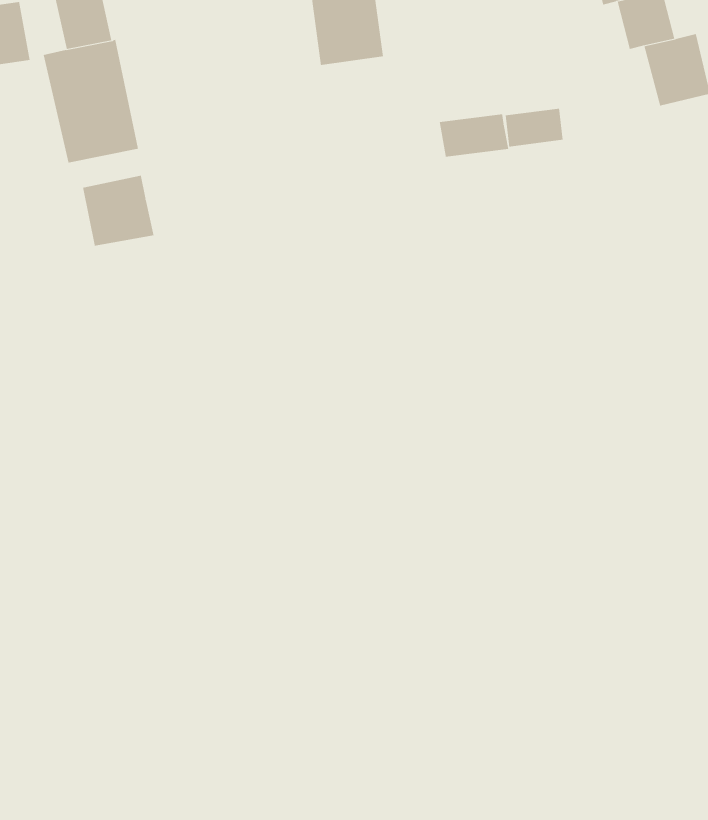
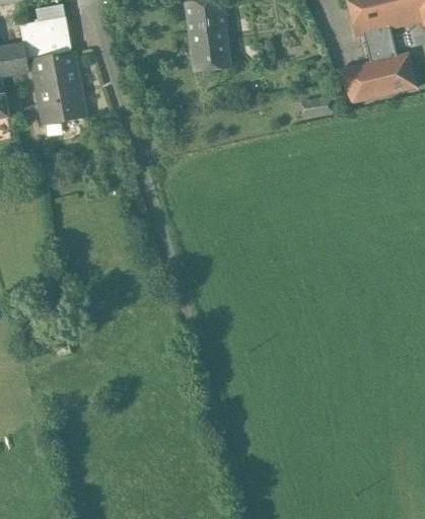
building: none -> [336,61,386,103]
building: [439,113,509,158] -> none
building: [83,175,154,246] -> none

